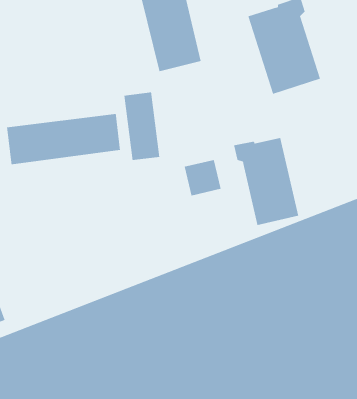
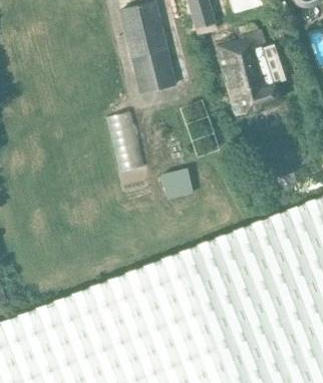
building: [6,113,121,165] -> none
building: [233,137,299,226] -> none

